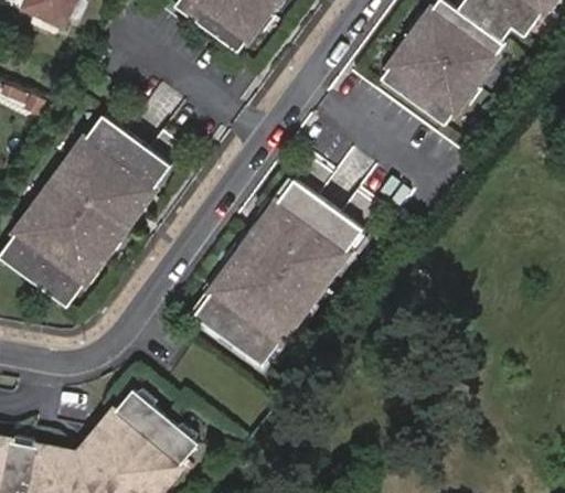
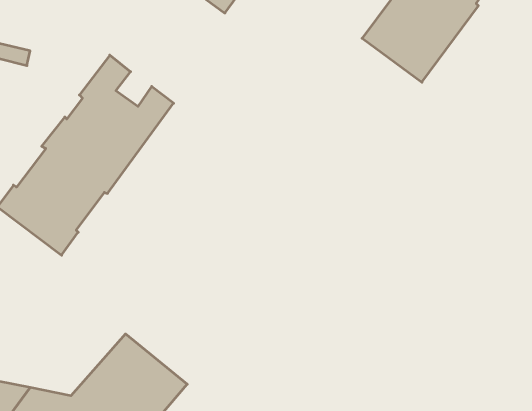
building: [192,160,376,367] -> none

